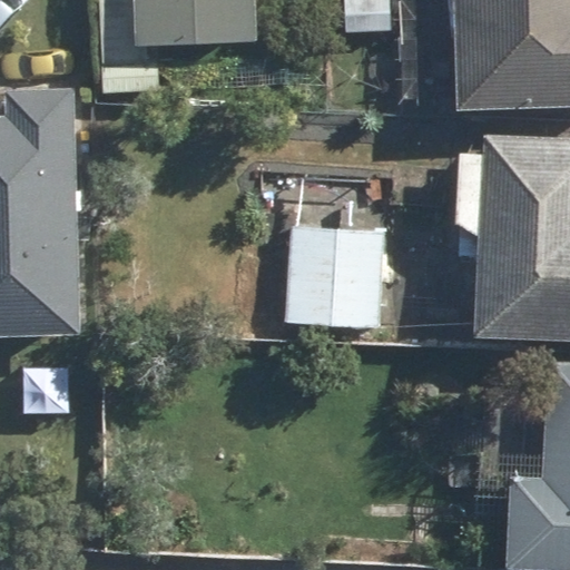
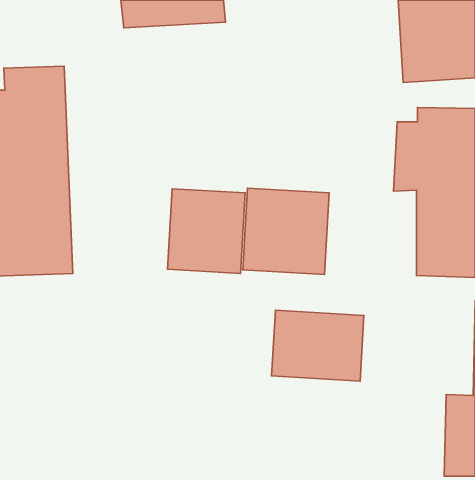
building: none -> [168,189,245,274]
building: none -> [272,310,364,381]

